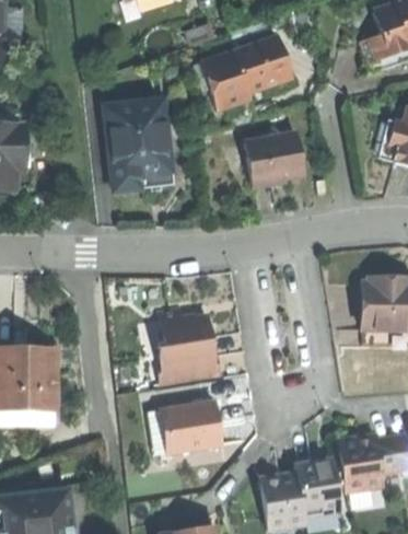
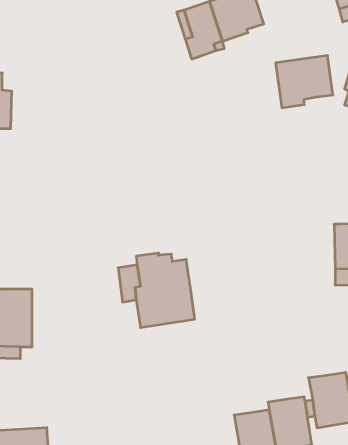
building: [106,102,173,191] -> none
building: [246,136,305,189] -> [276,56,333,108]
building: [162,398,221,451] -> none

